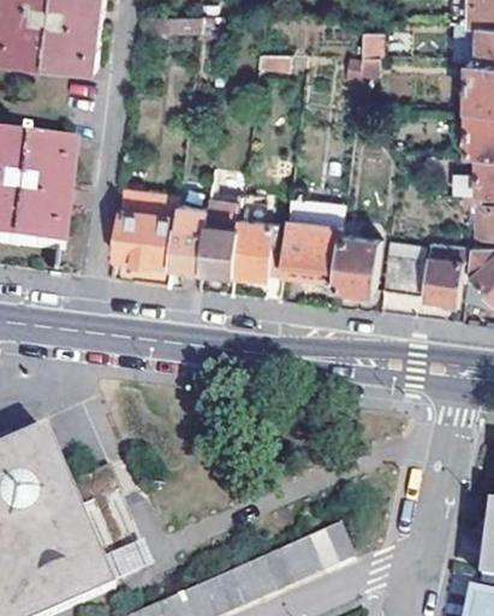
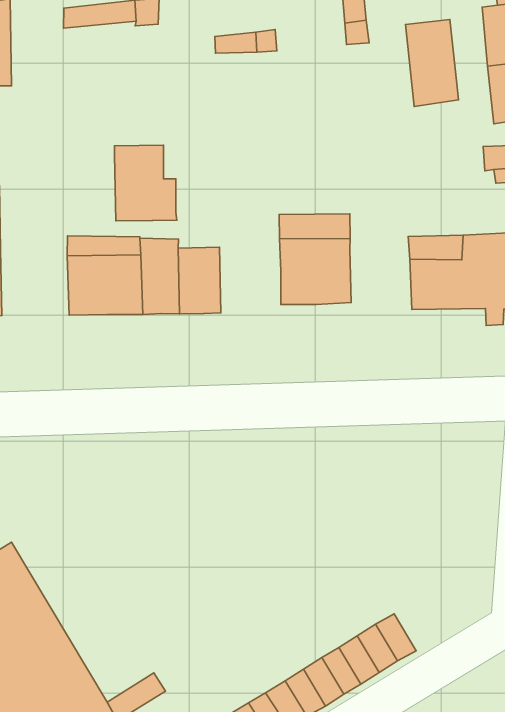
building: none -> [405,19,458,106]
building: [233,212,285,277] -> [114,145,177,221]
building: [335,235,380,289] -> none

